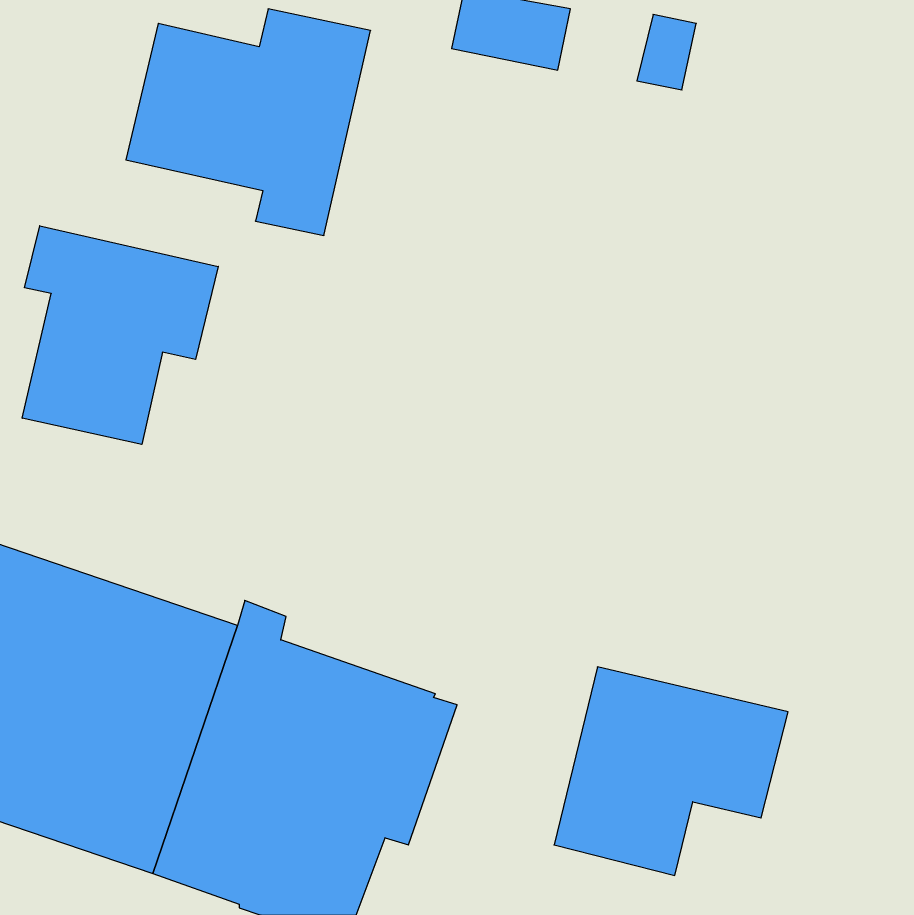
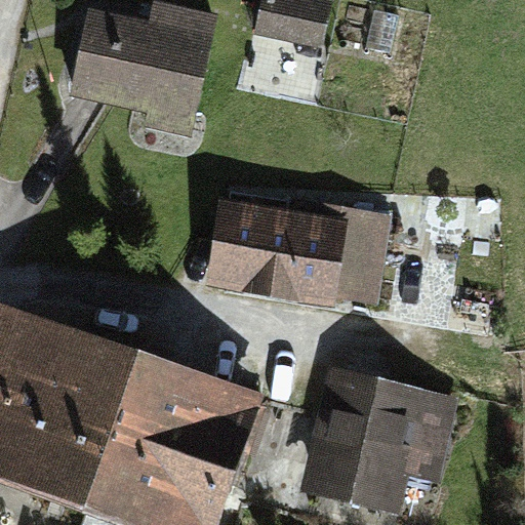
building: [22,226,218,444] -> none
building: none -> [214,200,386,299]

